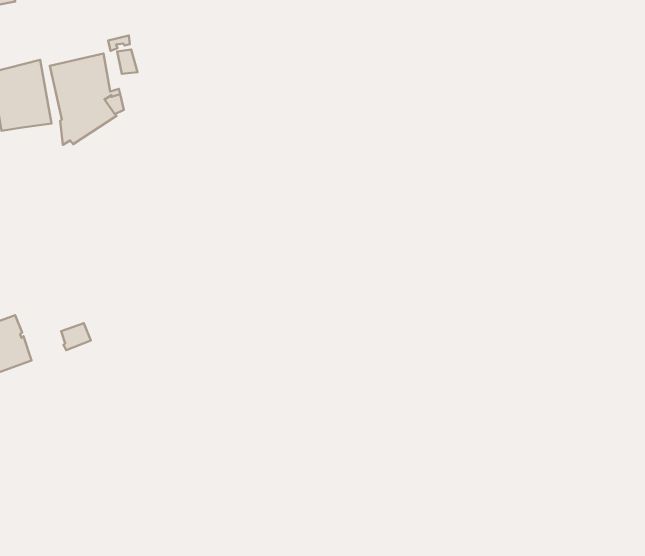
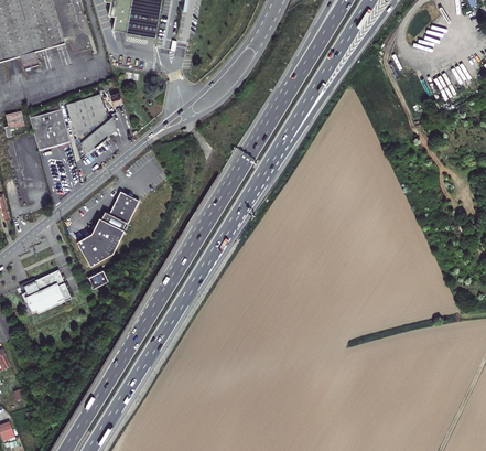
building: none -> [77,192,139,267]

